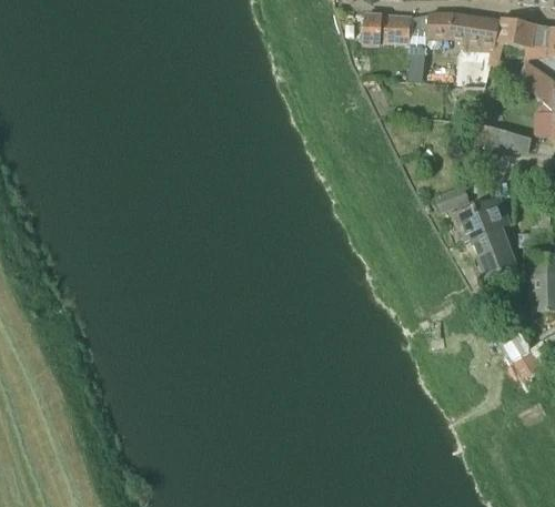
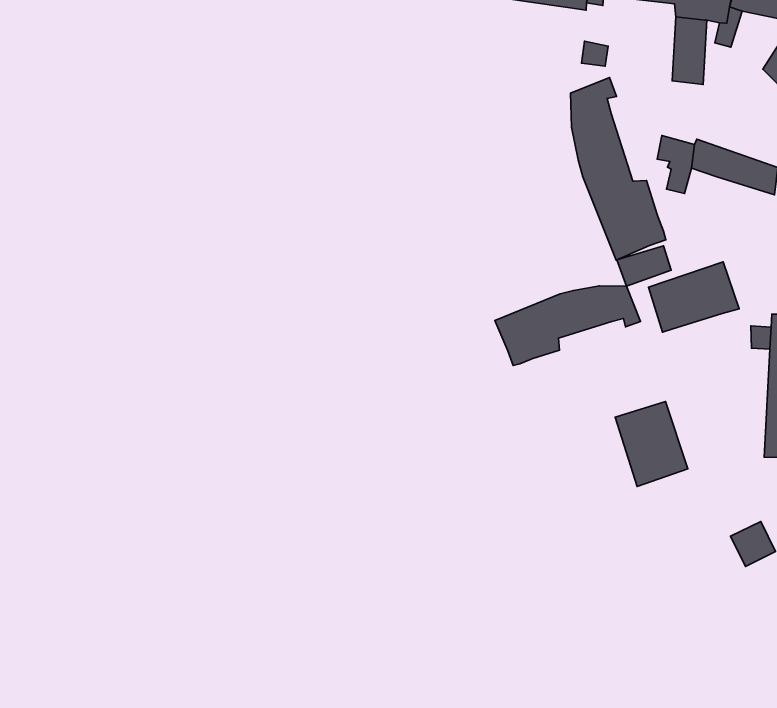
building: none -> [571,78,666,260]
building: none -> [495,286,640,365]
building: [473,226,518,278] -> [615,402,688,486]

